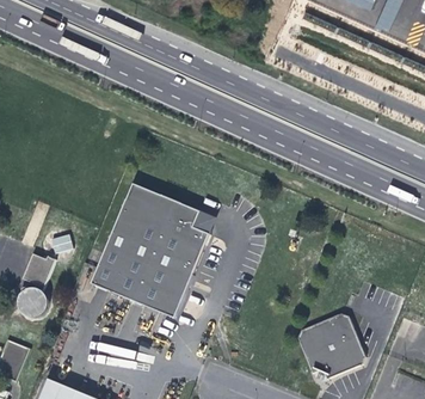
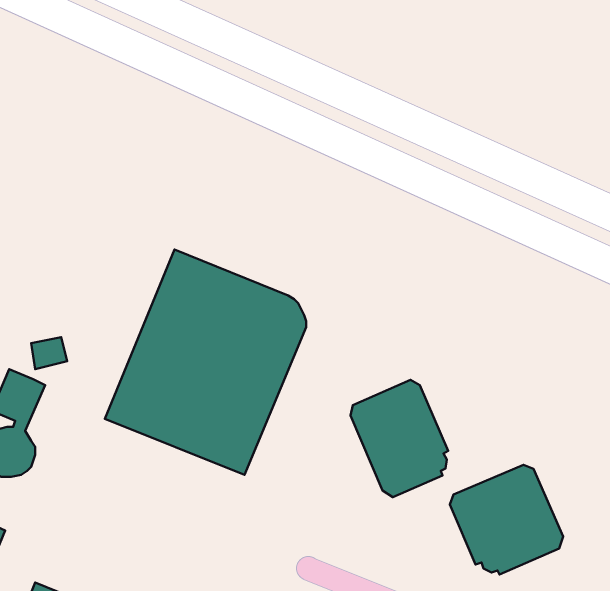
building: none -> [350,380,448,497]

